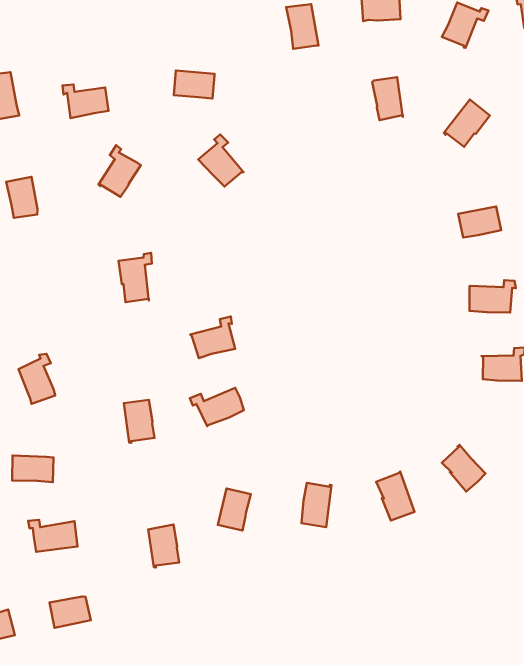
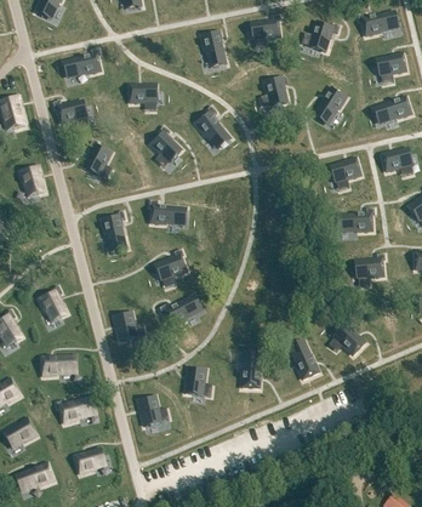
building: none -> [69,50,101,78]
building: none -> [196,107,228,146]
building: none -> [149,201,182,226]

